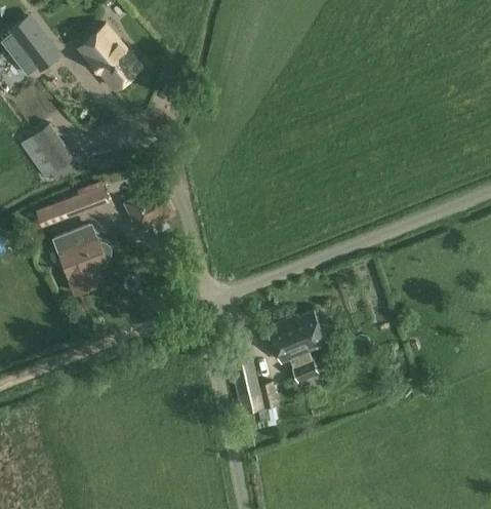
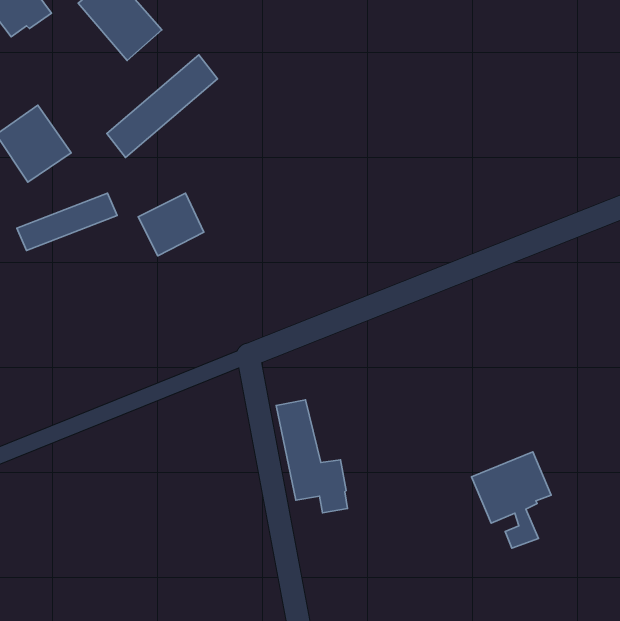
building: none -> [107,55,218,158]
building: [54,228,112,295] -> none
building: [268,309,326,380] -> [472,452,551,548]

